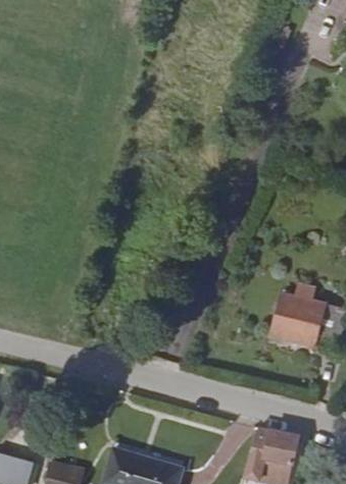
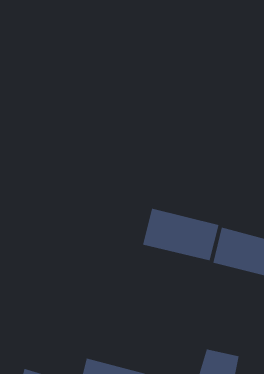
building: none -> [142,208,219,261]

